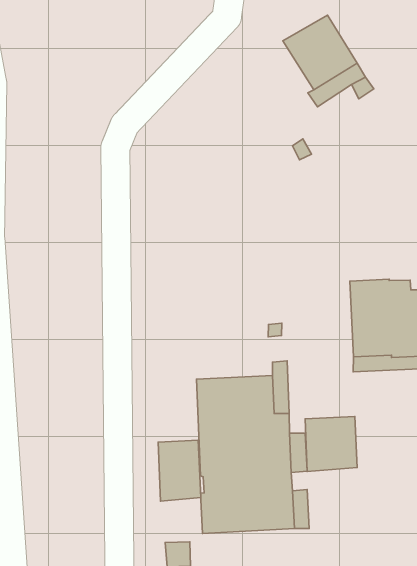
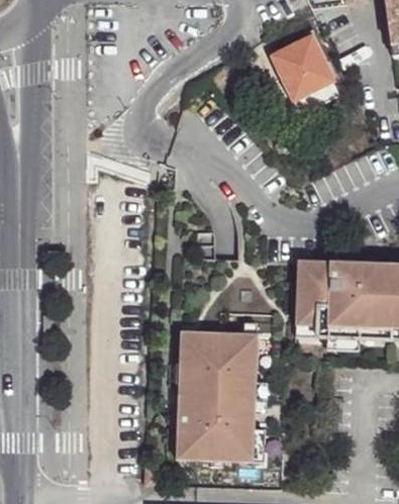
building: [305,417,357,472] -> none
building: [158,440,201,501] -> none

